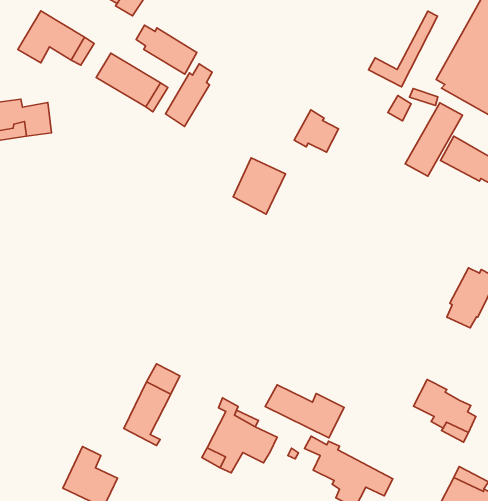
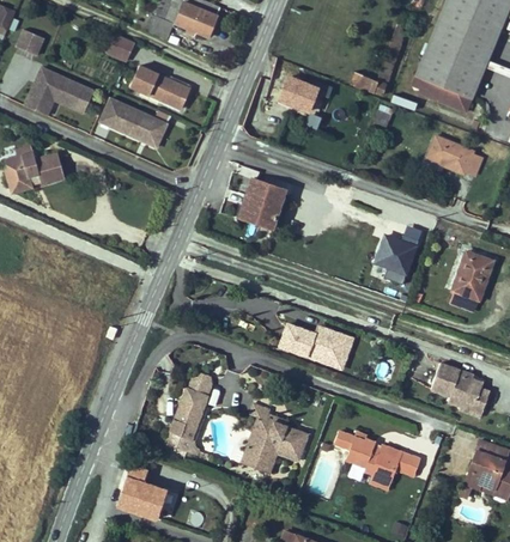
building: [165,64,212,127] -> none
building: [405,103,462,176] -> none
building: [294,110,338,152] -> [278,73,317,110]
building: none -> [372,230,419,286]
building: [265,385,344,438] -> [279,324,352,367]

